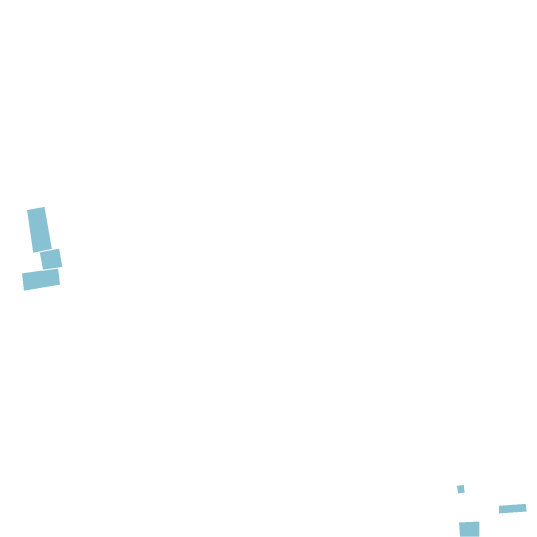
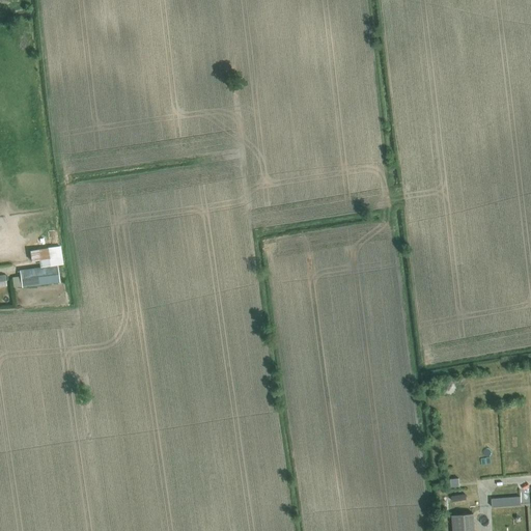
building: [26,206,52,253] -> none

